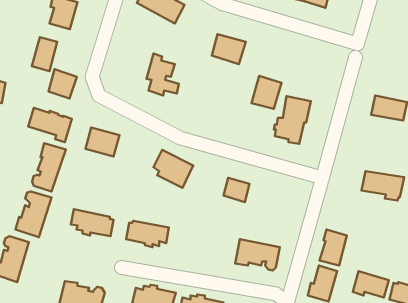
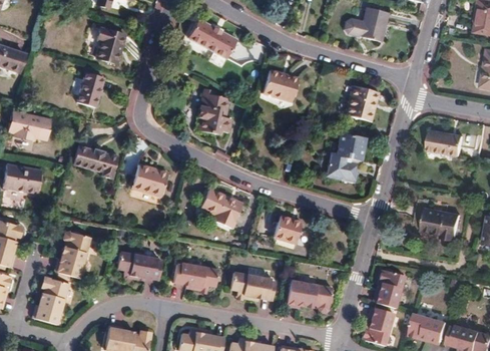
building: [48,69,77,98] -> none
building: [251,76,281,109] -> [348,85,379,119]
building: [32,143,66,192] -> none
building: none -> [231,272,276,300]

